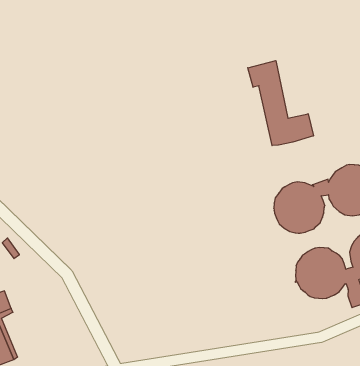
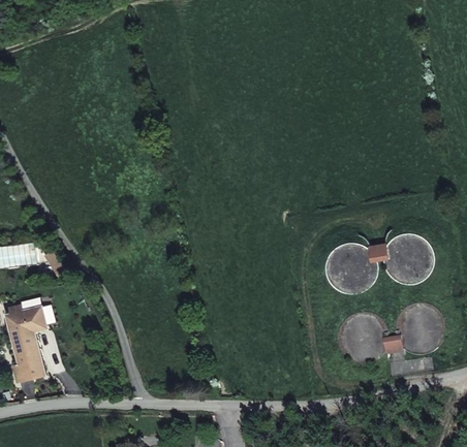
building: [248,61,313,146] -> none

